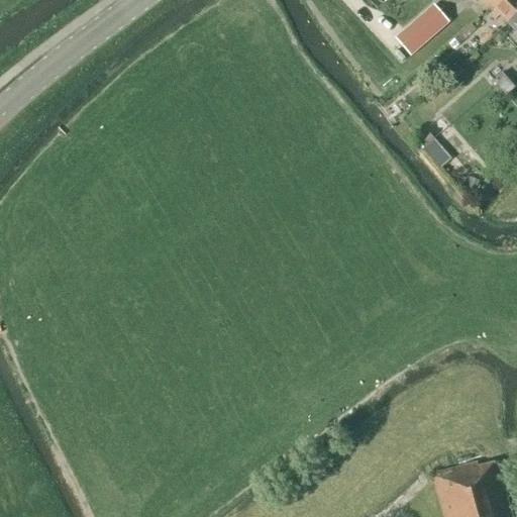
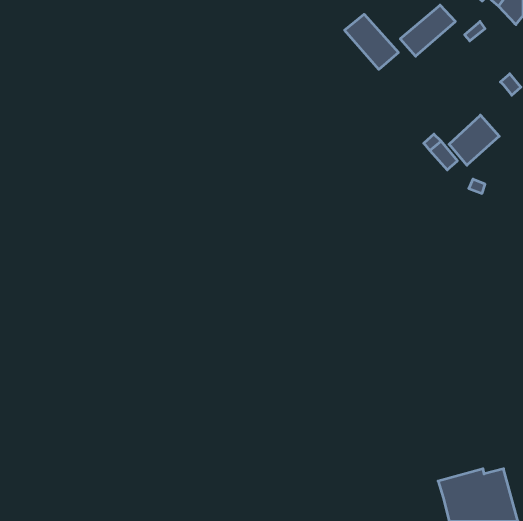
building: none -> [345,14,398,69]
building: none -> [449,115,499,165]

